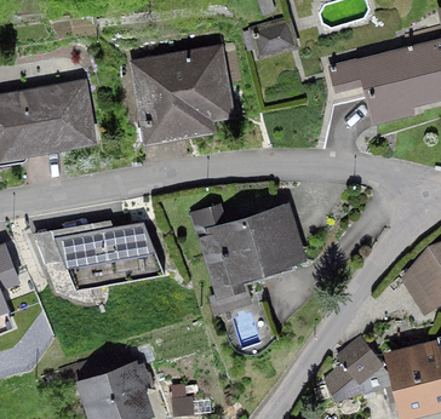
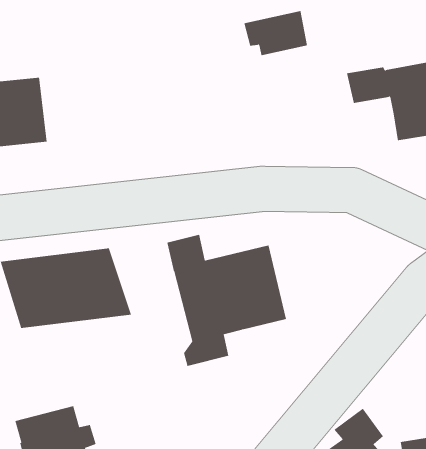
building: [132,50,227,127] -> none

